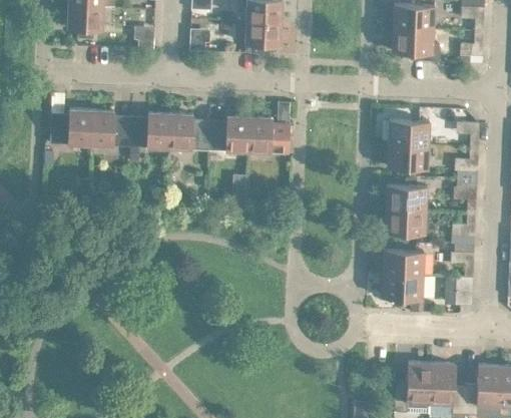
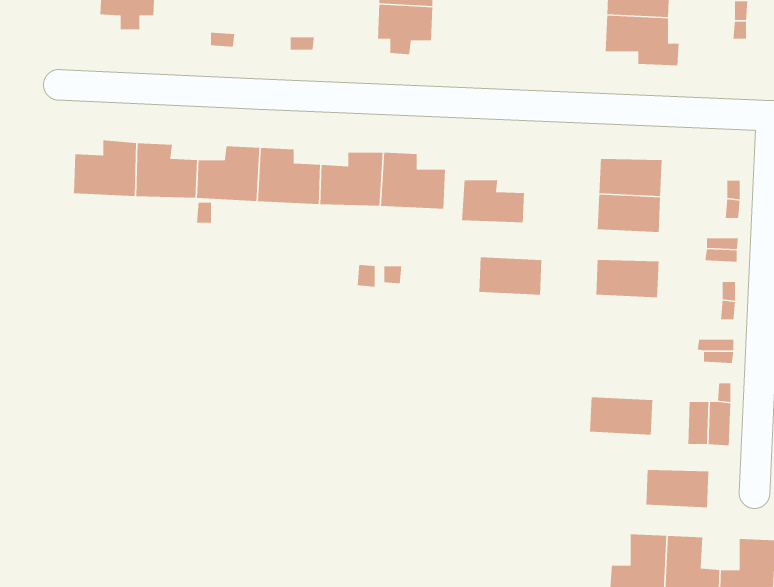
building: none -> [461,179,525,223]
building: [386,208,427,234] -> [478,257,542,295]
building: [384,251,425,276] -> [645,469,709,508]

